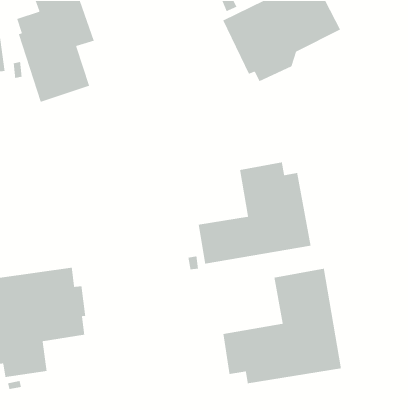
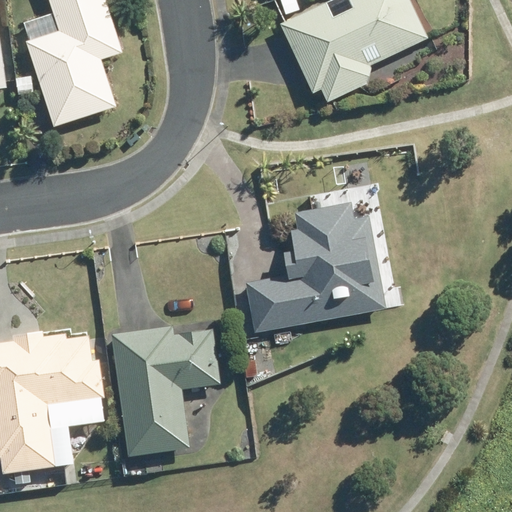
building: none -> [112,326,221,457]
building: [222,268,342,384] -> none

